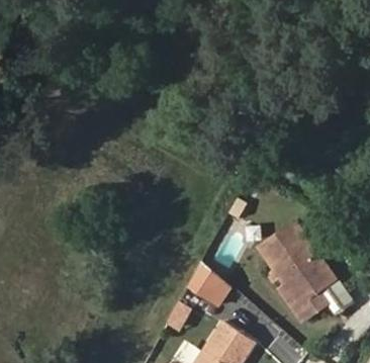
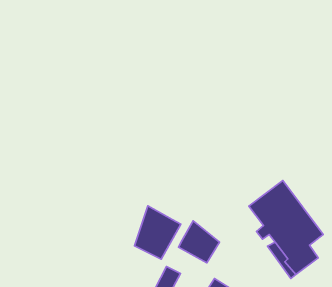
building: none -> [134,206,181,259]

